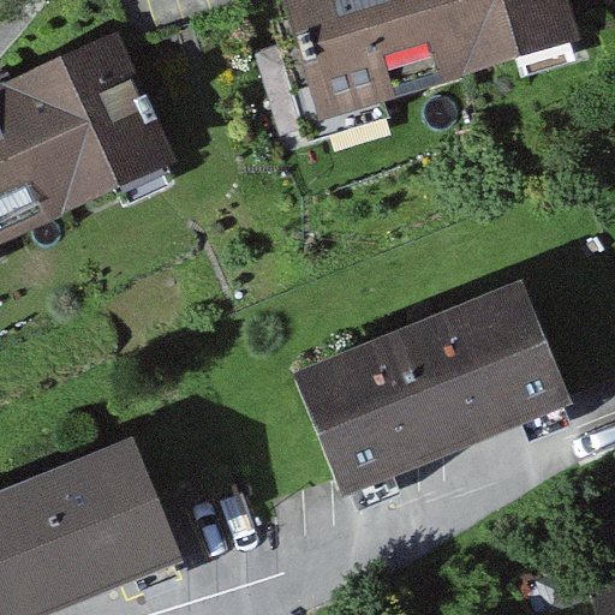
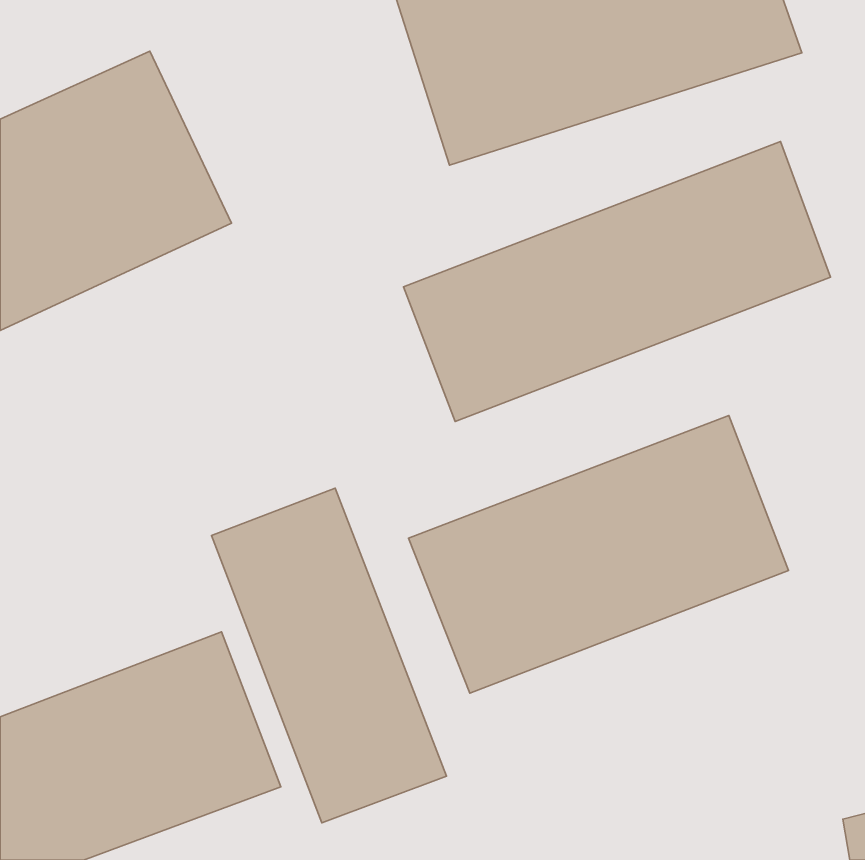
building: none -> [403,141,831,421]
building: none -> [211,488,446,823]

